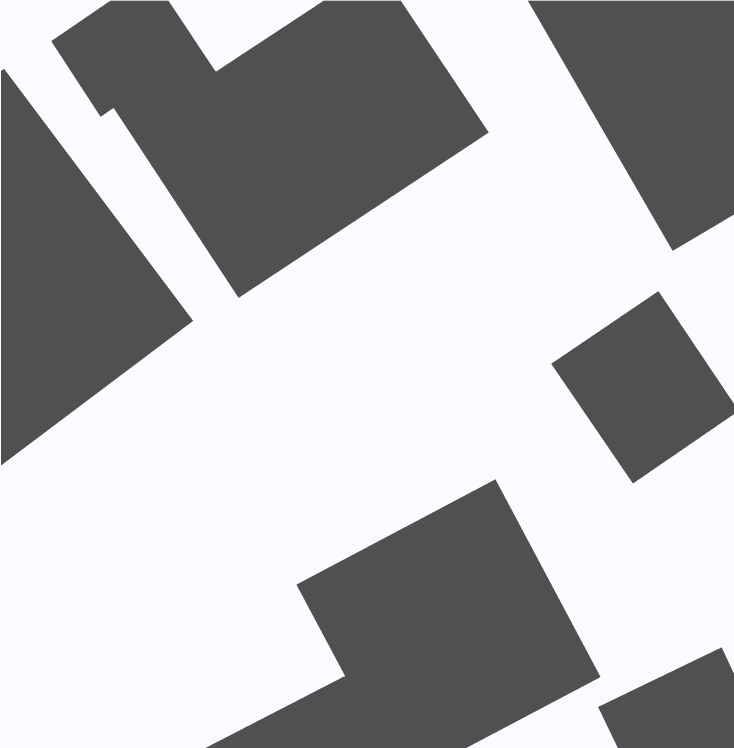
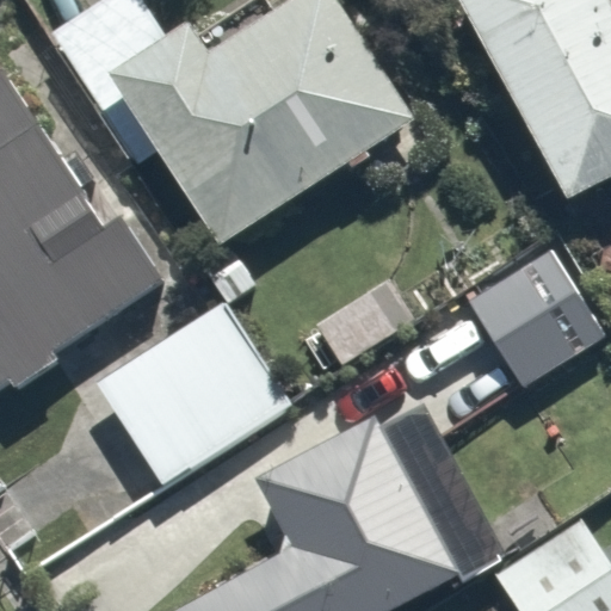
building: none -> [81,300,288,500]

